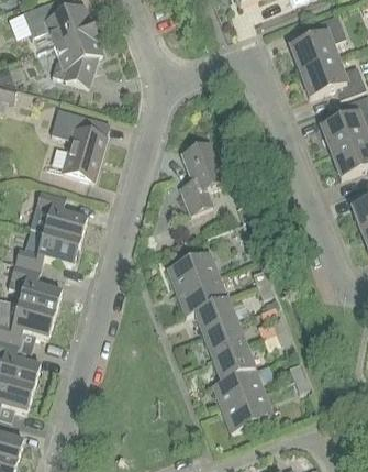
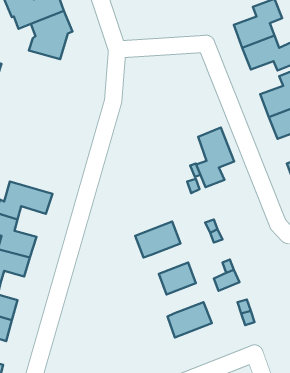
building: [49,107,104,179] -> none
building: [179,143,223,212] -> [196,127,234,187]
building: [30,189,86,241] -> none
building: [166,250,218,289] -> none
building: [193,298,236,333] -> none
building: [211,344,254,380] -> none
building: [221,391,272,431] -> none

